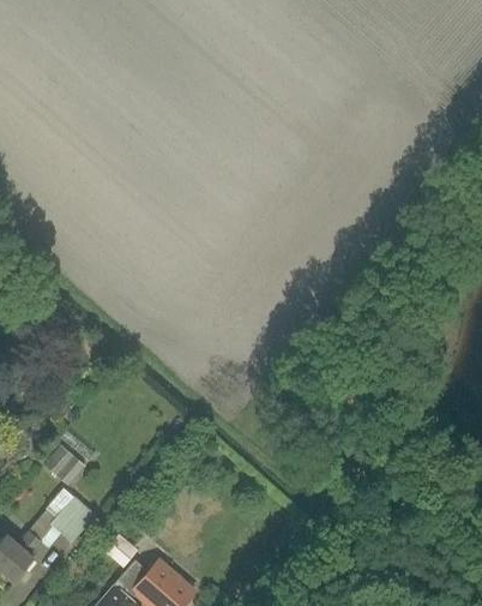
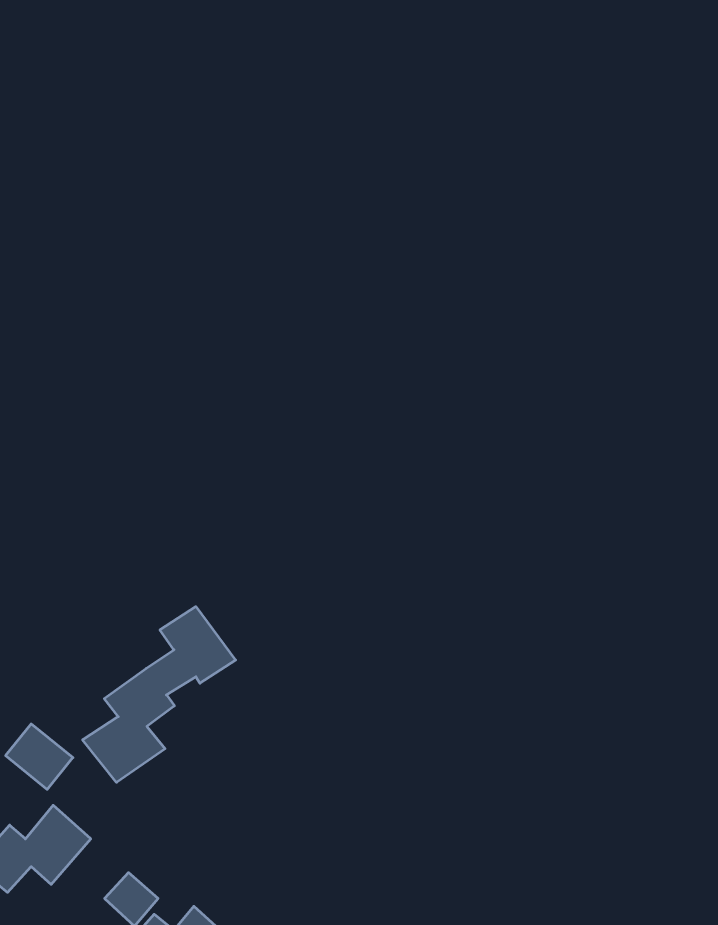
building: none -> [83,607,236,782]

